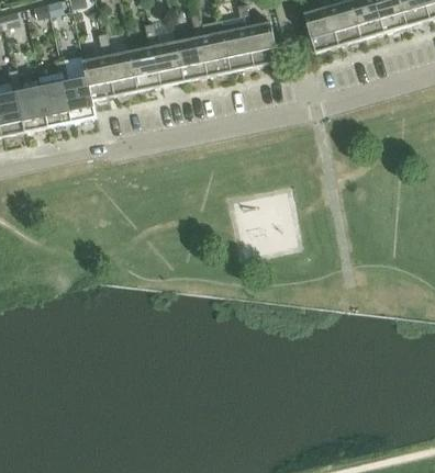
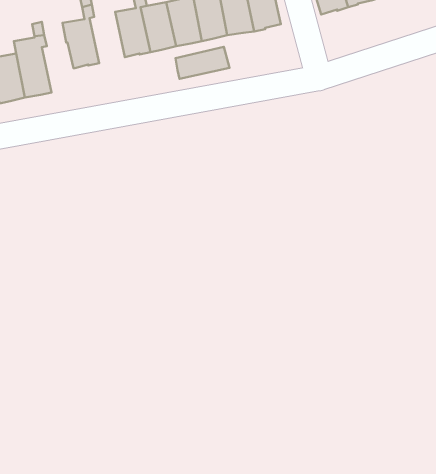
building: [107,48,138,94] -> none
building: [64,76,97,121] -> none
building: none -> [175,47,229,79]

